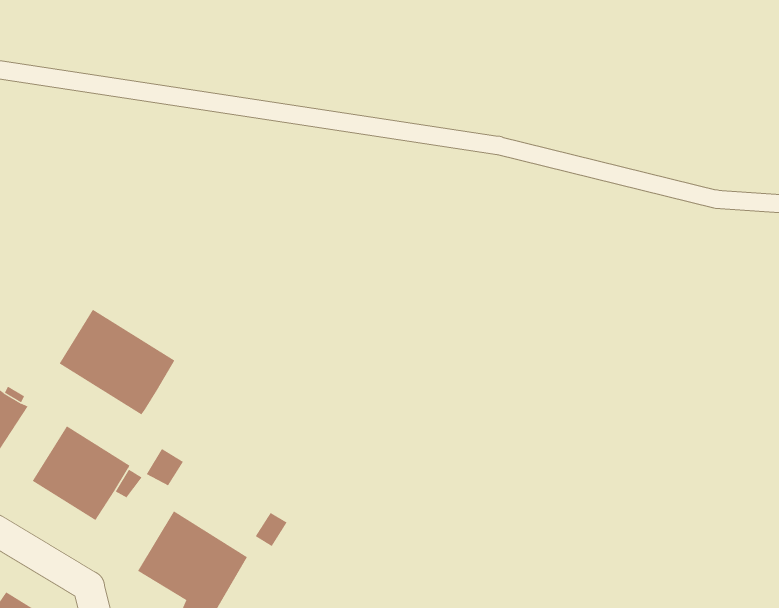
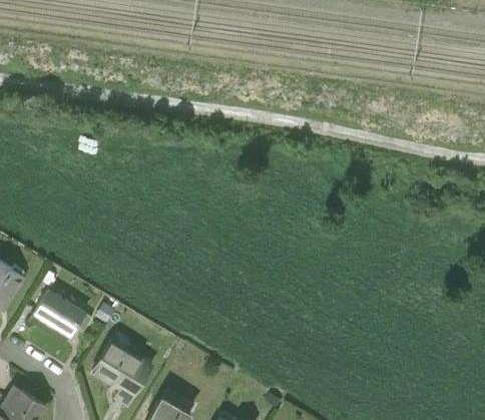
building: [59,309,175,415] -> none

